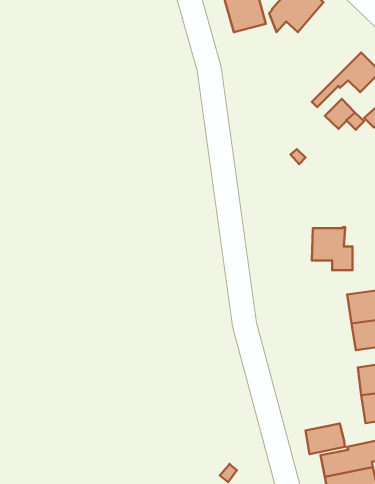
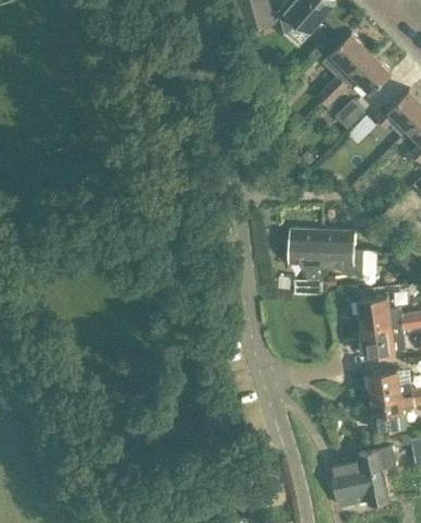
building: none -> [315,34,371,105]
building: none -> [288,230,322,297]
building: [305,424,345,454] -> none

